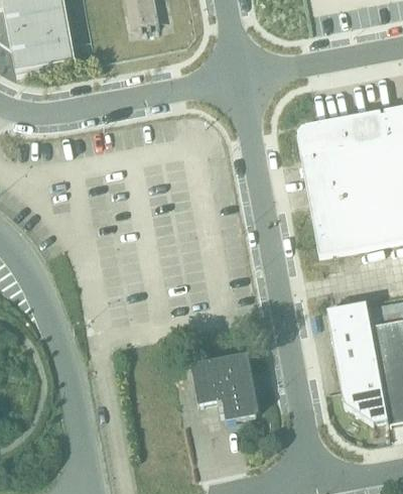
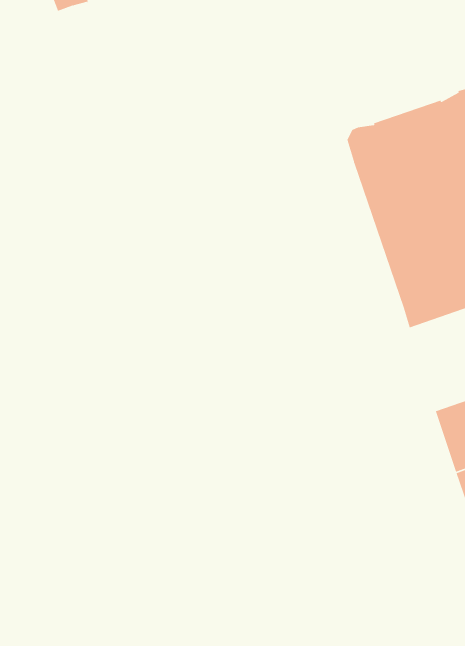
building: [189,352,258,420] -> none

